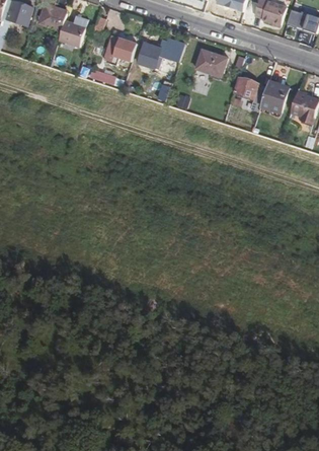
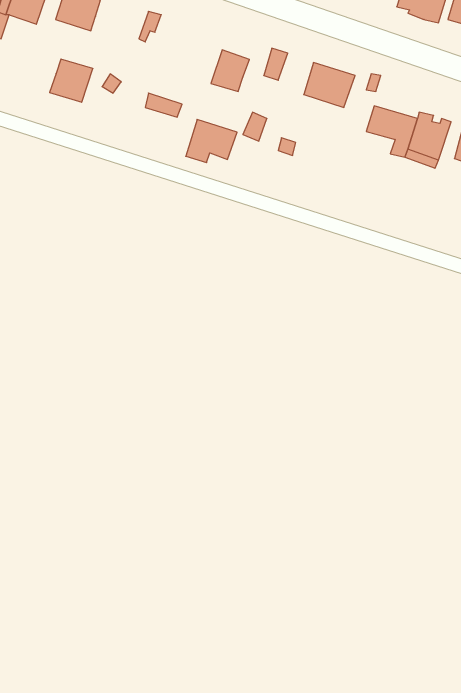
building: [57,20,84,48] -> [50,59,93,102]
building: [104,35,137,63] -> [186,119,237,163]

